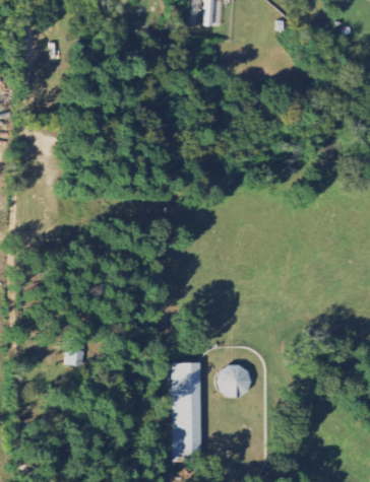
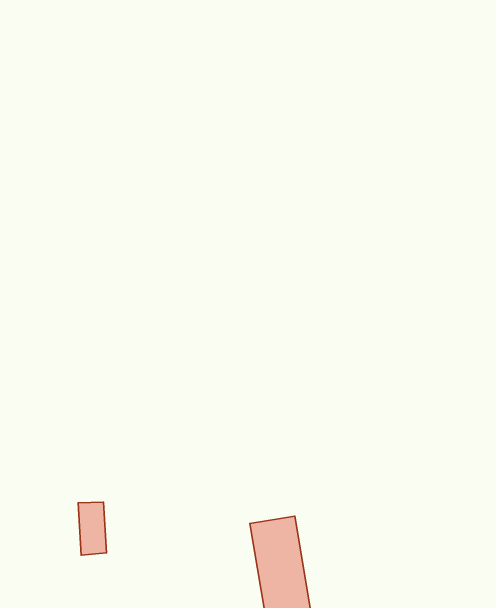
building: [218,365,250,396] -> none

